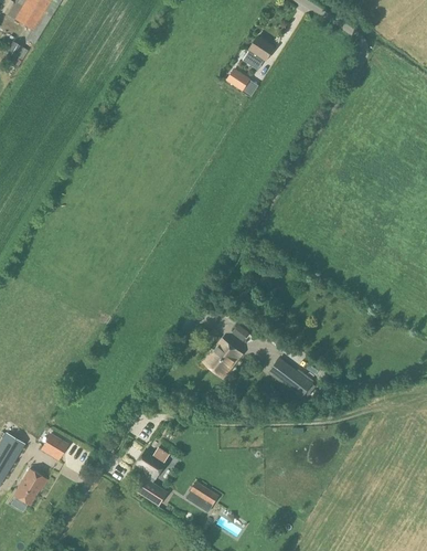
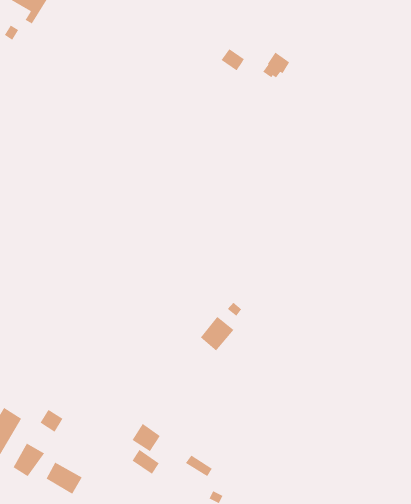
building: [245,36,274,64] -> [262,51,290,78]
building: [270,359,316,400] -> none
building: none -> [46,462,83,495]

